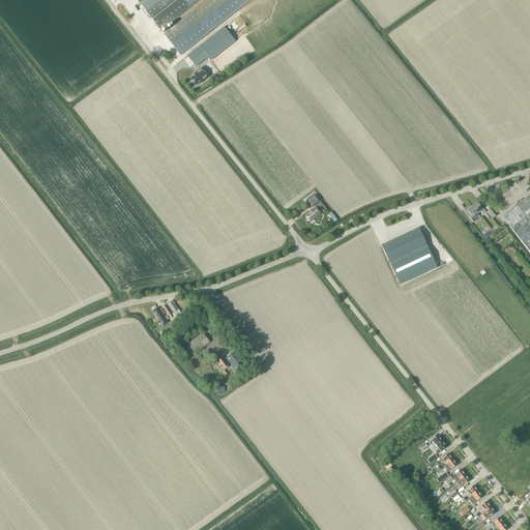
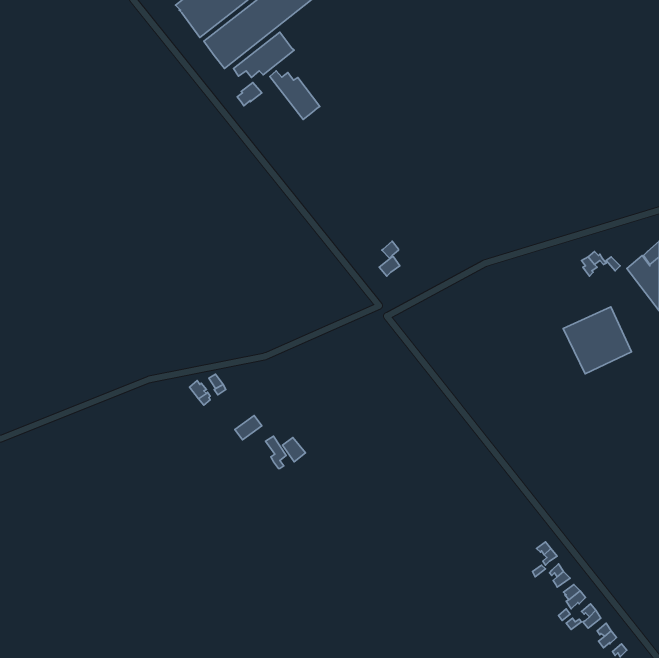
building: none -> [270,71,320,120]
building: [381,227,436,281] -> [563,307,632,374]

